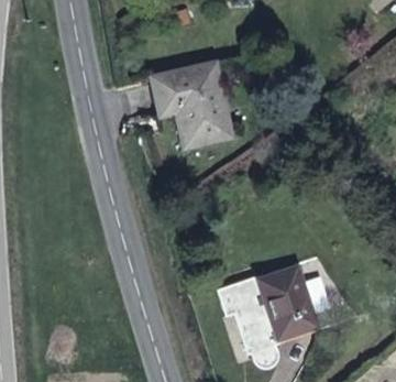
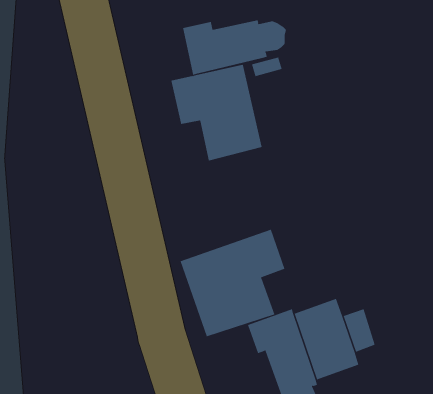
building: none -> [183,19,286,76]
building: none -> [180,229,285,337]

